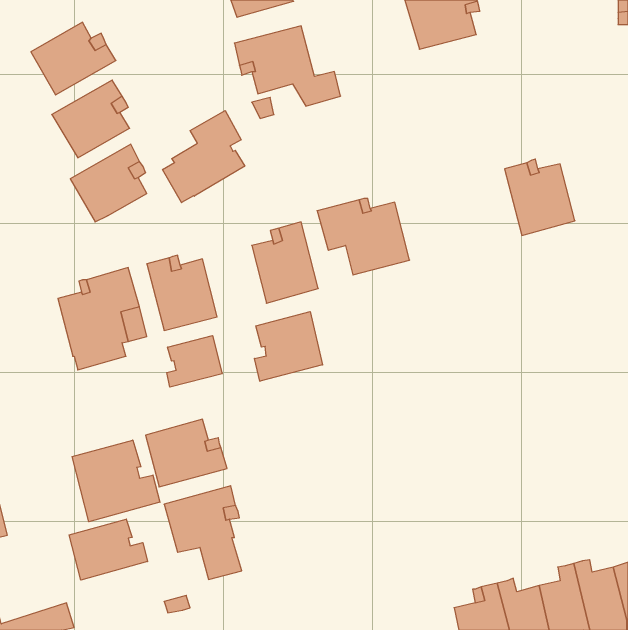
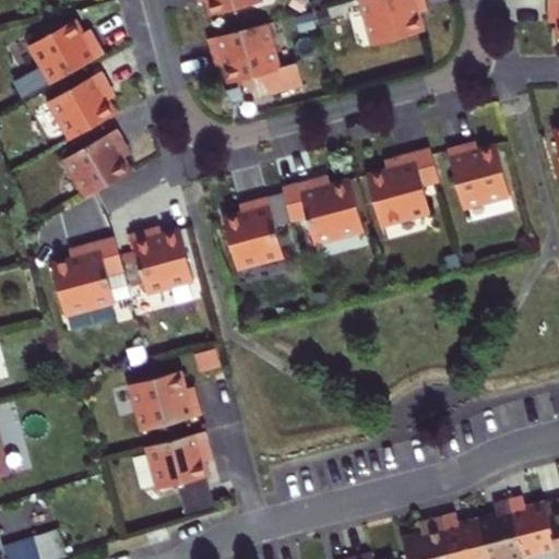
building: [163,111,245,203] -> none
building: none -> [366,147,438,225]
building: [254,312,323,381] -> none
building: [167,336,222,387] -> none
building: [72,440,160,522] -> none
building: [69,519,148,580] -> none

